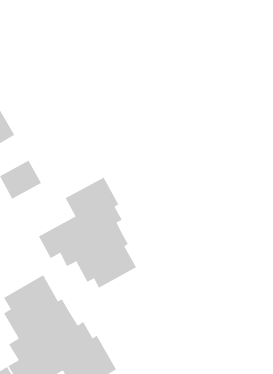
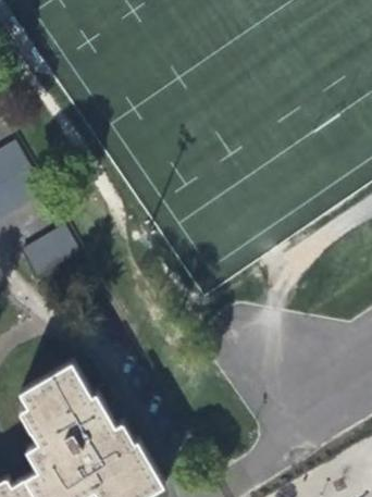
building: [38,177,137,289] -> none

